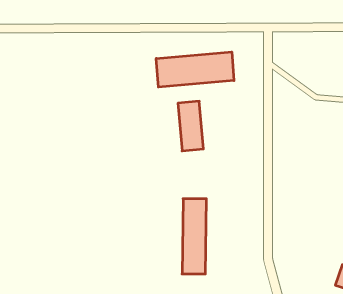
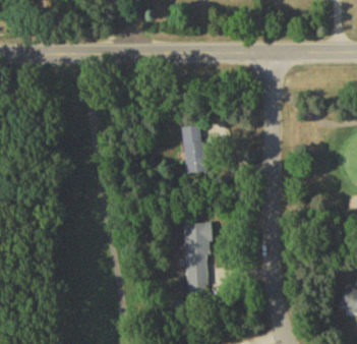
building: [156,52,234,87] -> none

